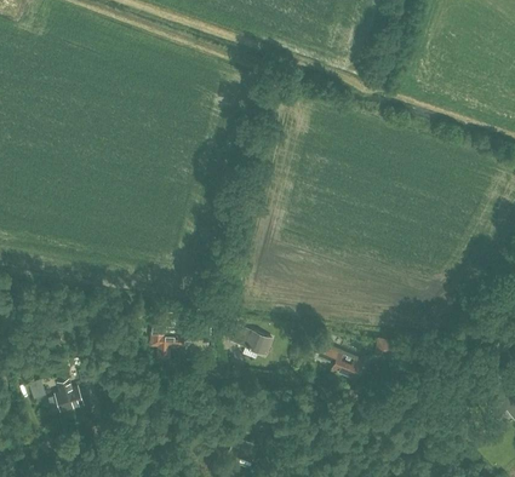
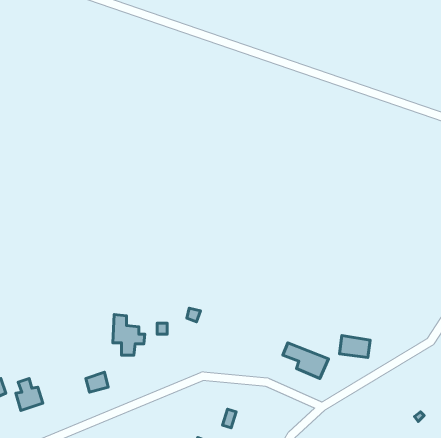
building: [233,327,271,358] -> none

